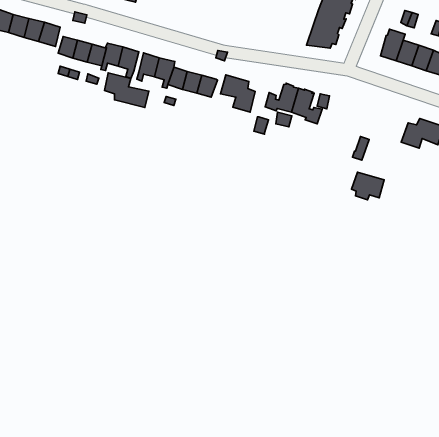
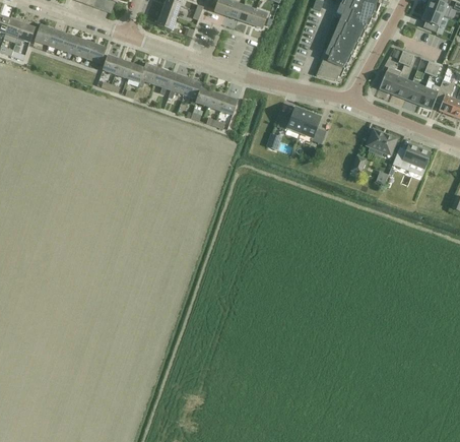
building: [105,73,149,107] -> none
building: [221,75,255,112] -> none
building: [351,172,384,200] -> [367,130,395,154]

